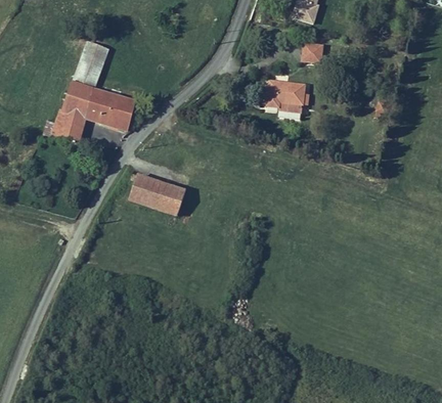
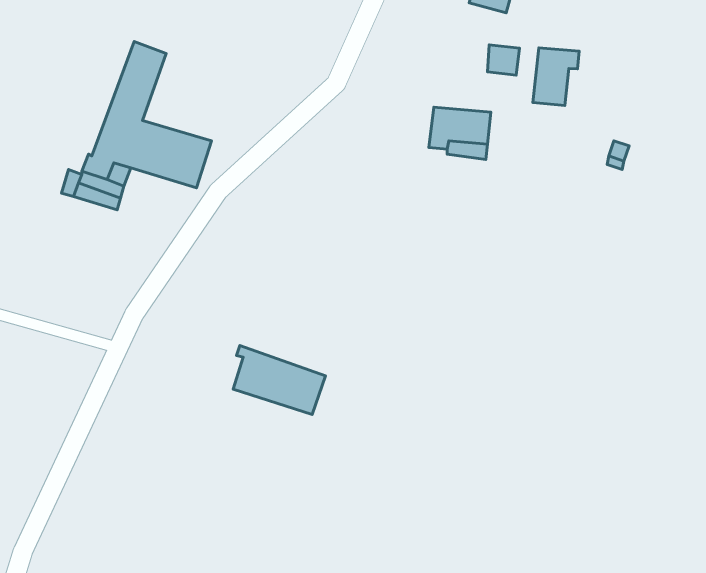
building: none -> [533,48,579,105]
building: [129,173,185,215] -> [233,346,326,415]

